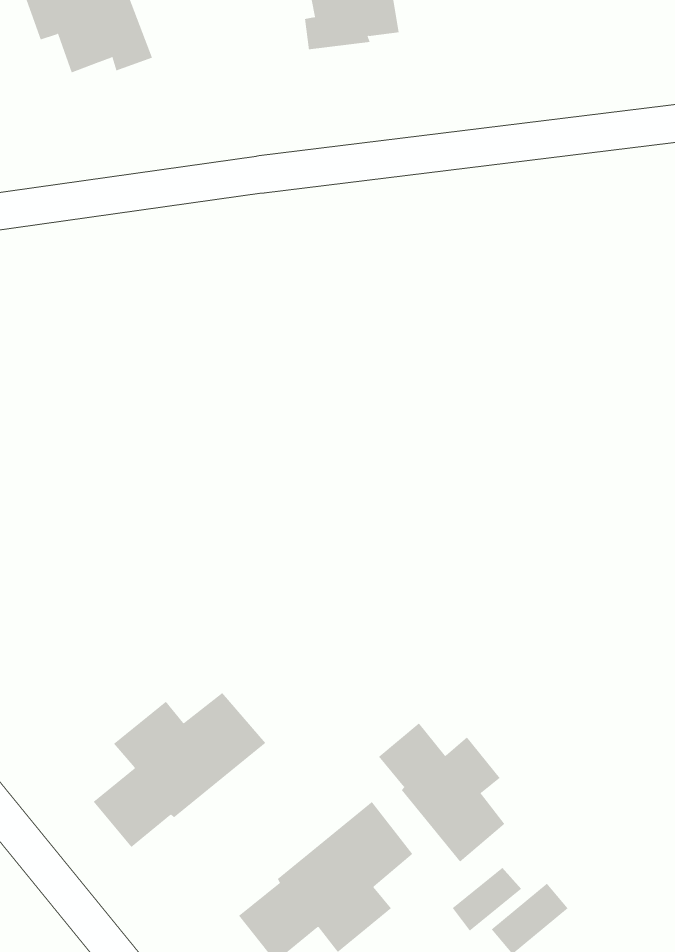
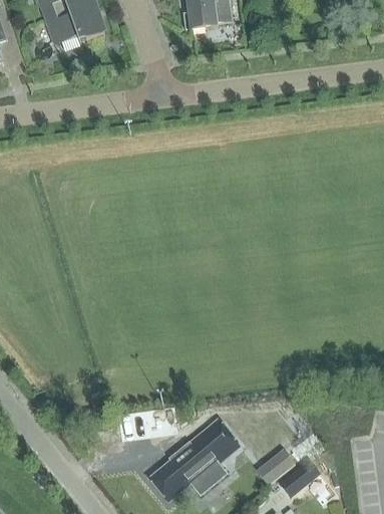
building: [93,692,266,848] -> none
building: [378,722,505,862] -> none

